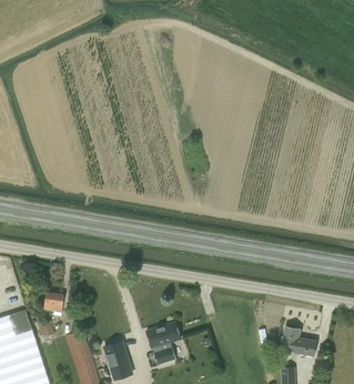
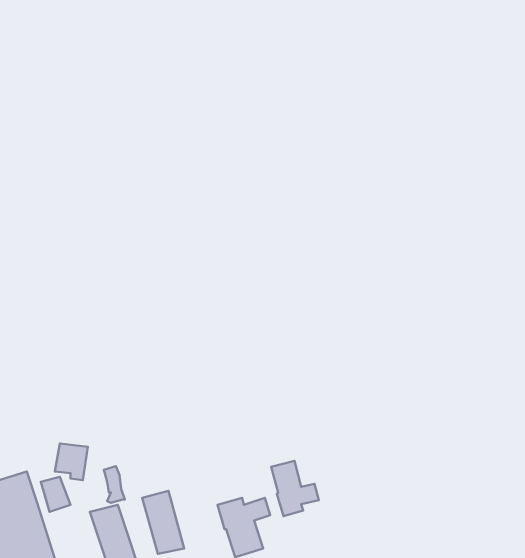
building: none -> [271,461,319,516]
building: [282,326,316,355] -> none

